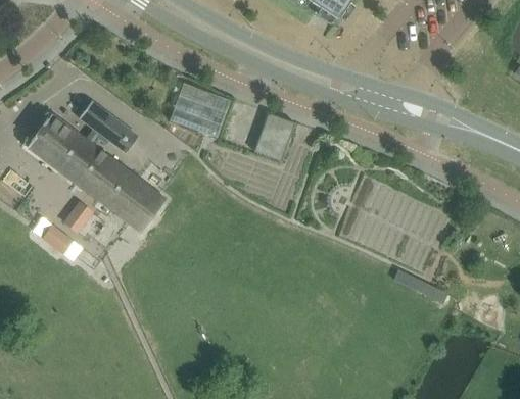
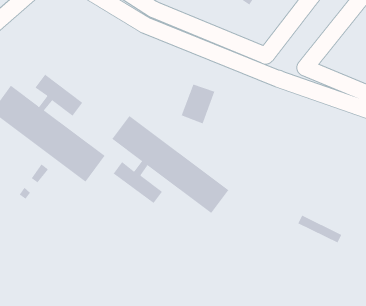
building: [171,82,232,137] -> none
building: none -> [111,115,229,214]

